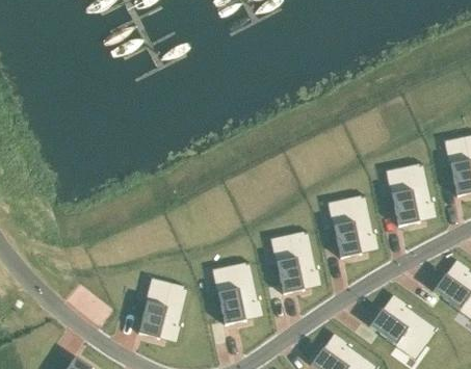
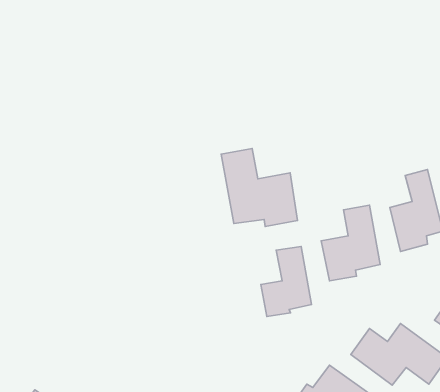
building: none -> [221,148,298,227]
building: [213,262,256,321] -> none
building: [132,283,188,338] -> none

